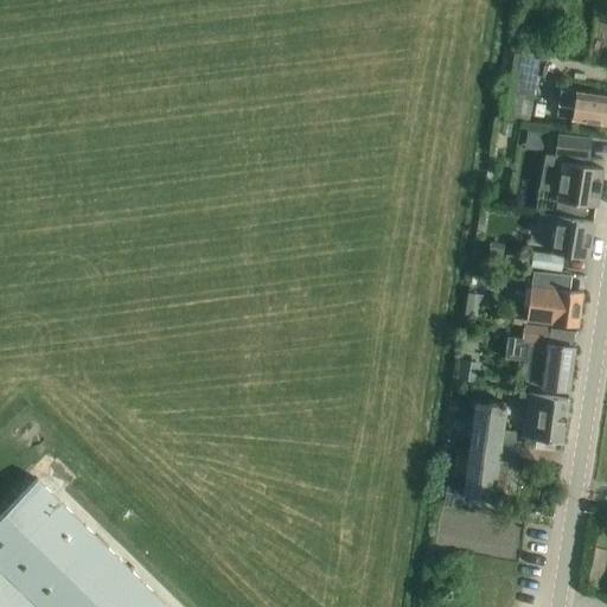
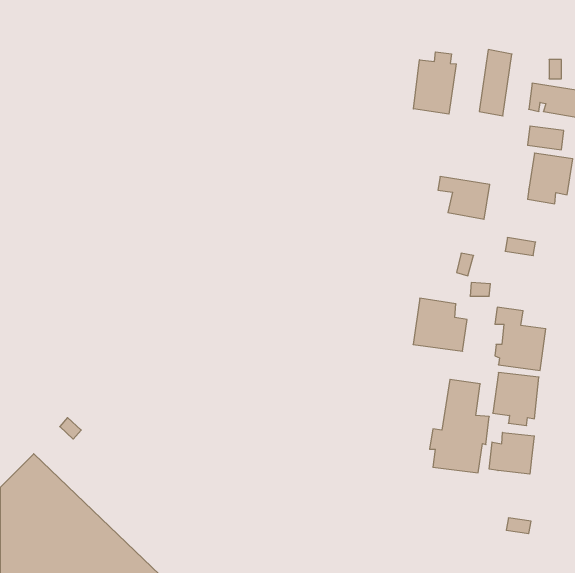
building: none -> [413,52,456,114]
building: [539,215,594,260] -> [438,177,490,219]
building: [526,271,583,327] -> [413,298,467,351]
building: none -> [489,432,534,474]

